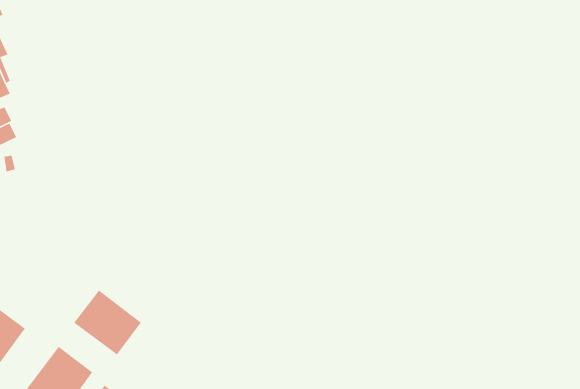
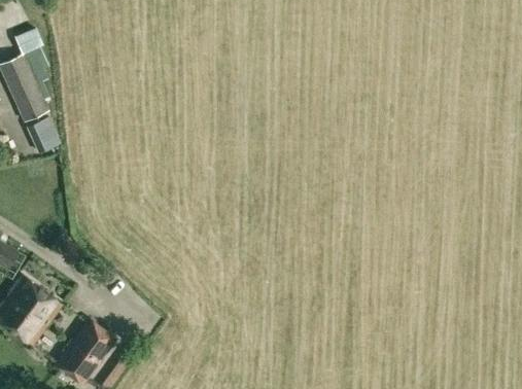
building: [73,289,142,355] -> none

